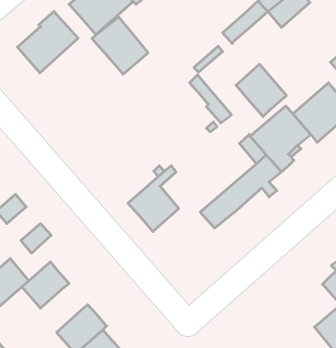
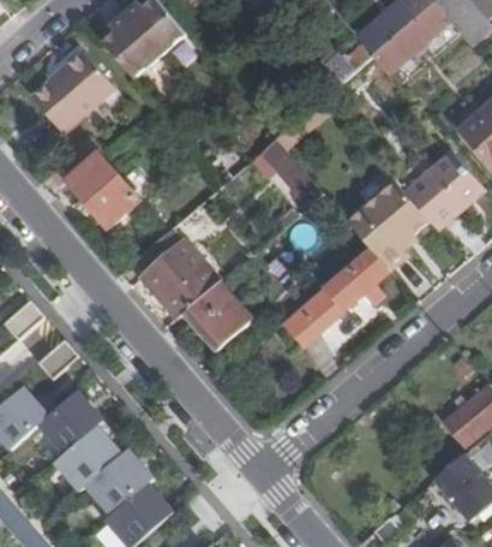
building: [92,17,148,74] -> [58,136,133,213]
building: [236,64,286,117] -> none
building: none -> [131,226,209,326]
building: none -> [55,424,122,490]

